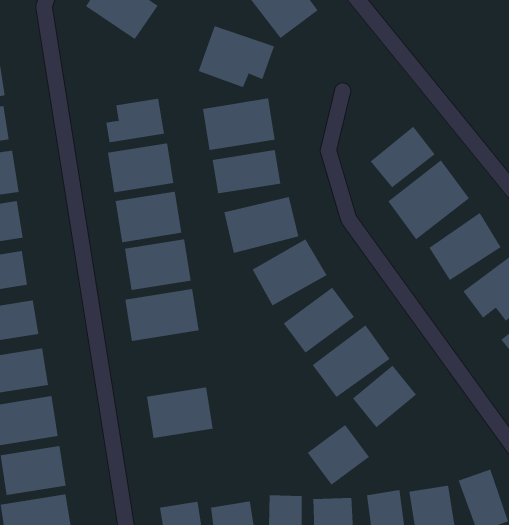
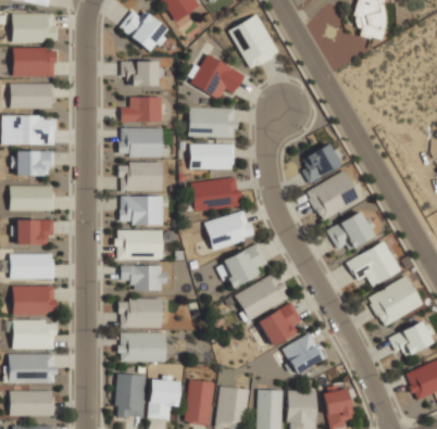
building: none -> [121,60,158,85]
building: none -> [121,264,165,289]
building: [307,424,370,485] -> [280,333,323,374]
building: none -> [118,332,165,361]

